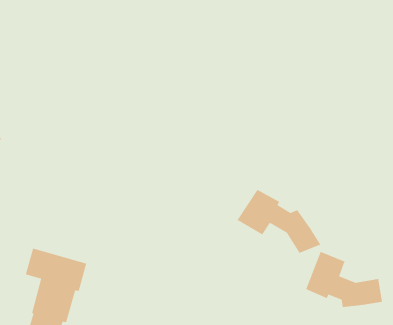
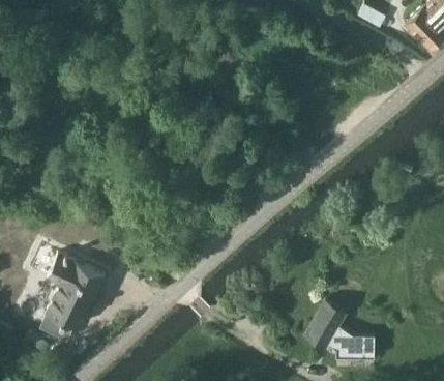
building: [236,189,321,254] -> none

